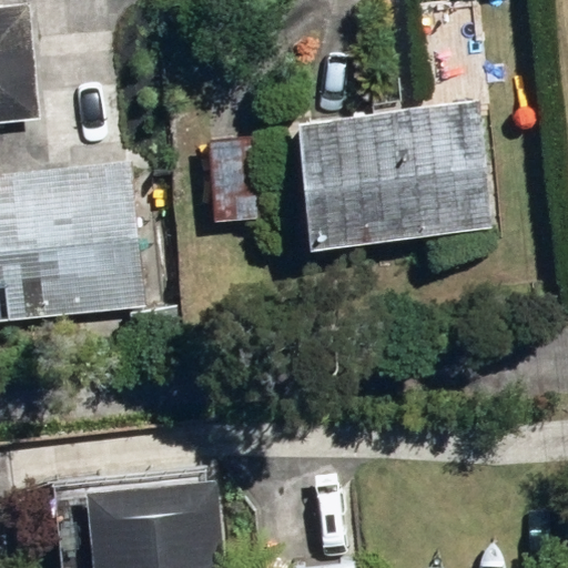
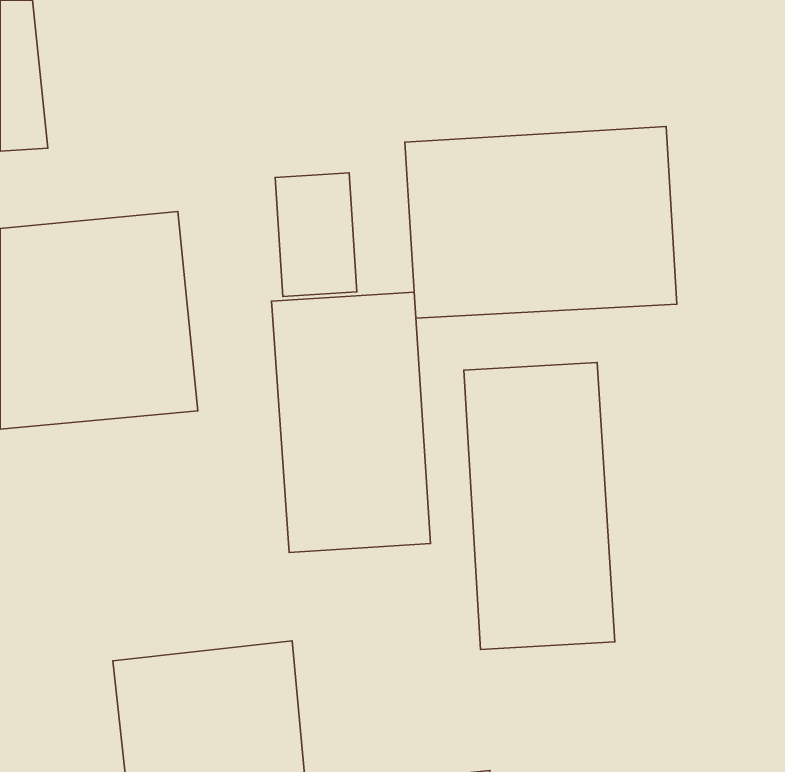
building: none -> [272,292,430,552]
building: none -> [464,363,615,649]

